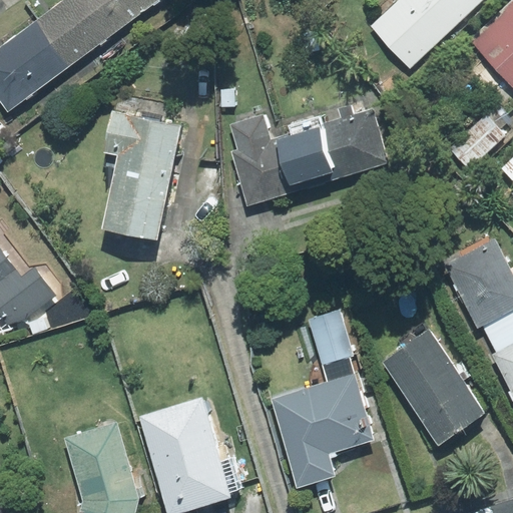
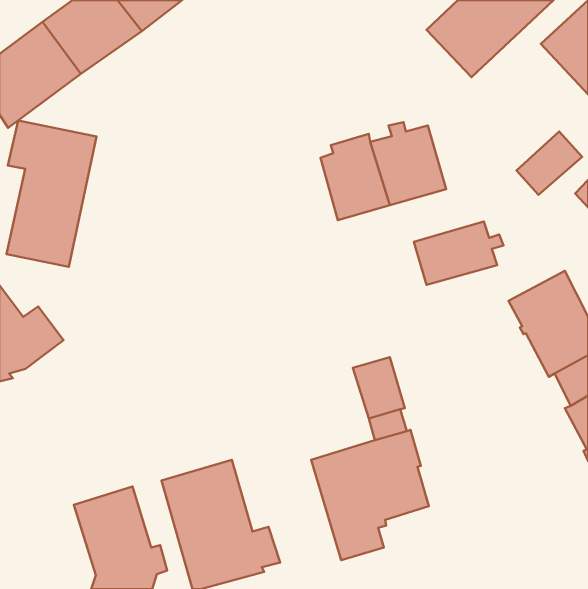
building: [102,112,180,239] -> [7,120,97,267]
building: [229,114,294,204] -> none
building: none -> [414,221,503,285]
building: [382,332,484,444] -> none

